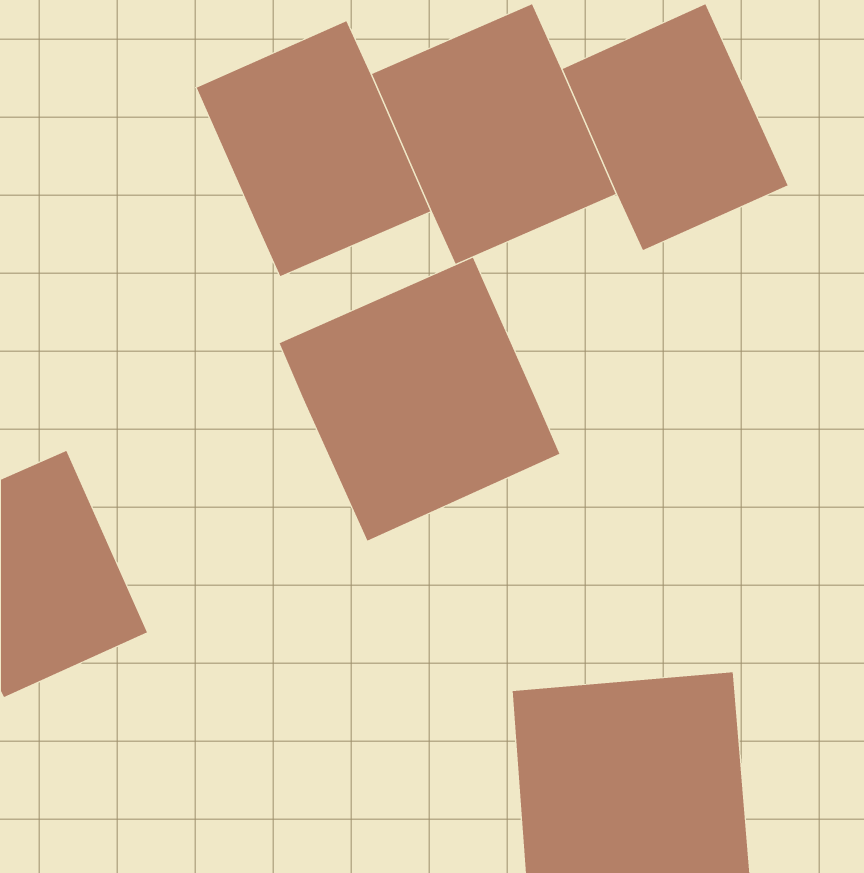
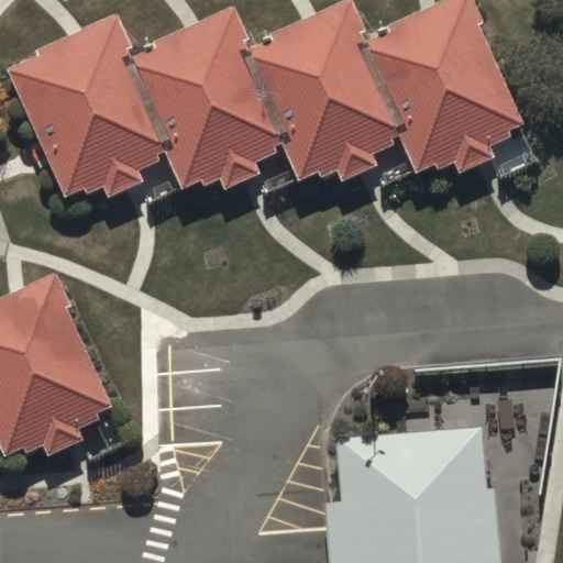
building: none -> [18,27,173,191]
building: [279,257,560,541] -> none

